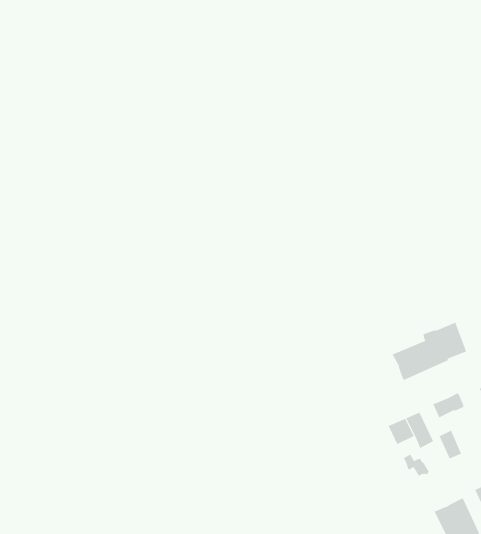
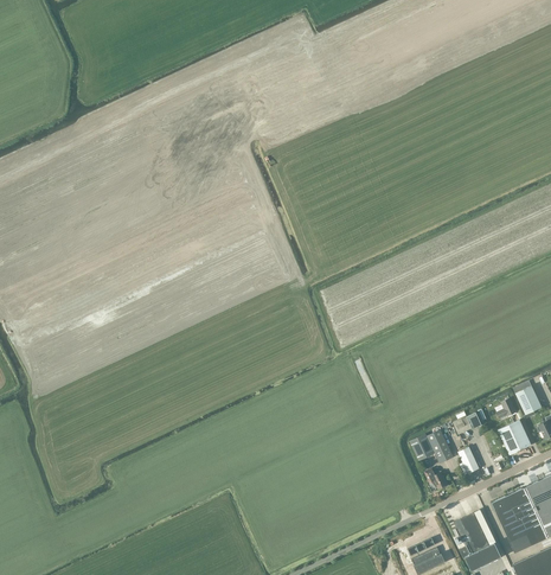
building: [392,322,467,381] -> none

